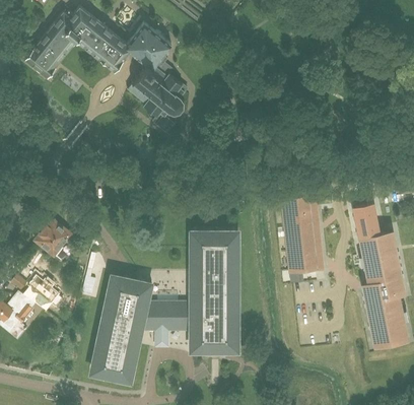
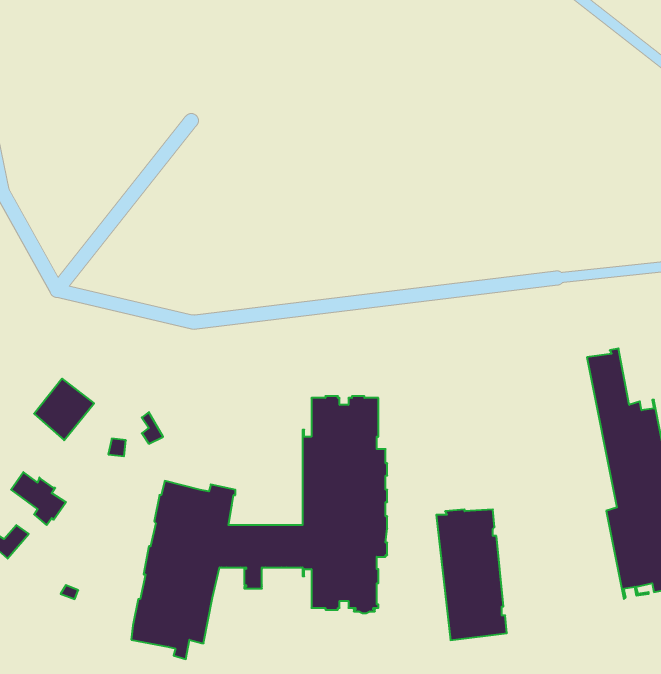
building: [25,7,188,132] -> none
building: [282,197,323,272] -> [436,509,507,640]

